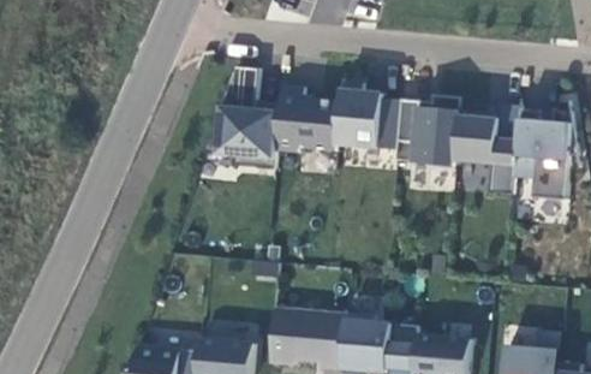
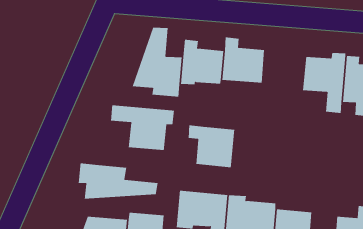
building: [396,94,461,168] -> none
building: none -> [110,104,175,151]
building: none -> [188,124,235,168]
building: none -> [78,162,158,199]

